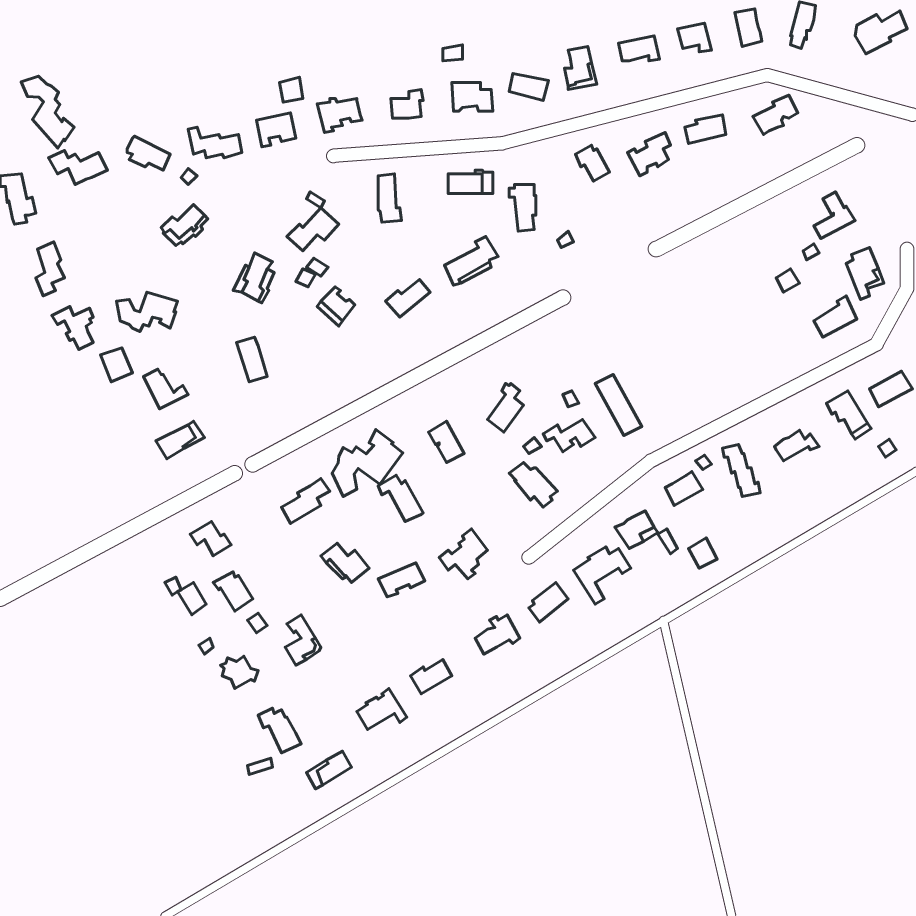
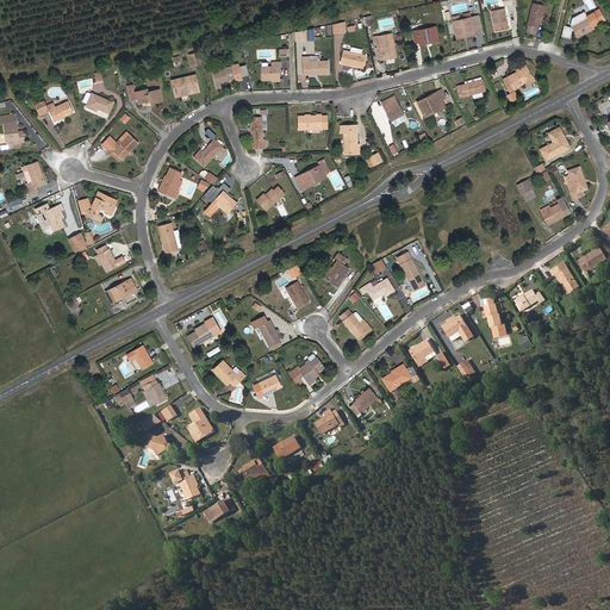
building: [21,76,74,148] -> none
building: [332,429,403,496] -> none

